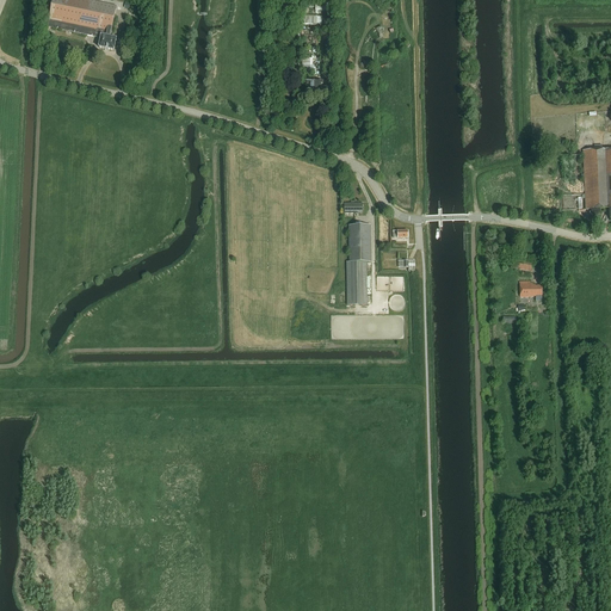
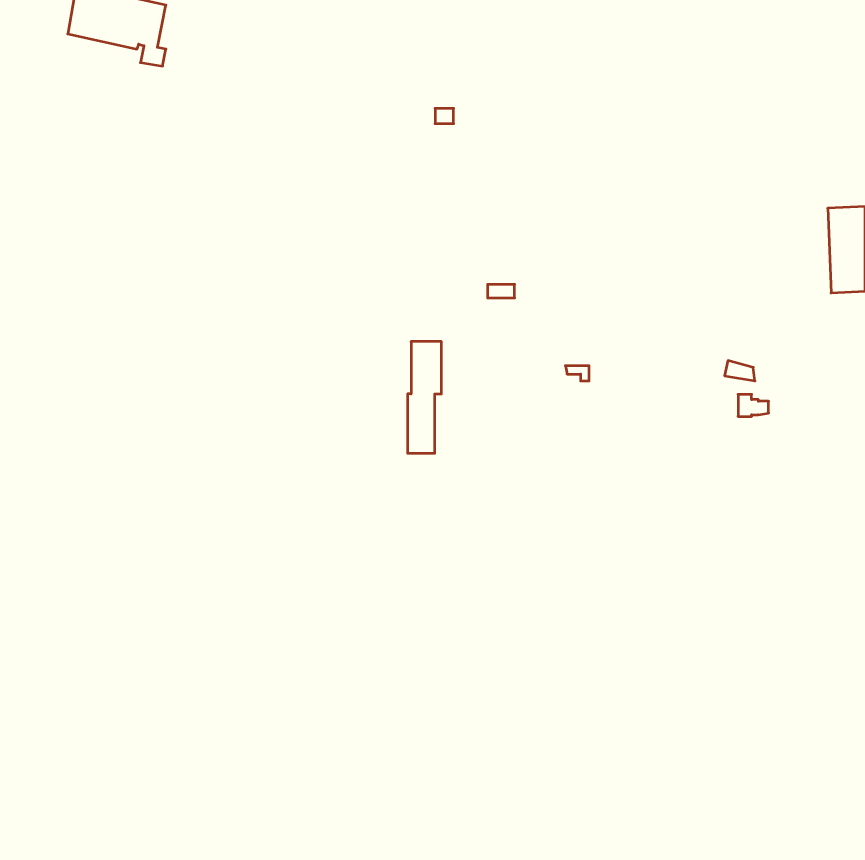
building: [347,222,371,301] -> [408,342,441,453]

